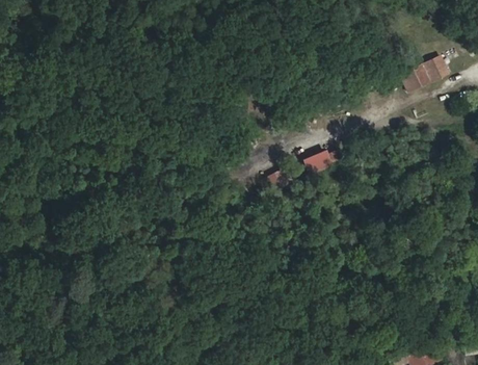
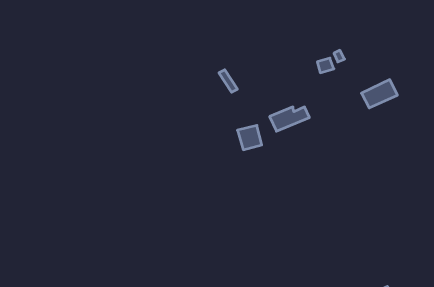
building: [410,57,449,87] -> [361,80,397,108]

